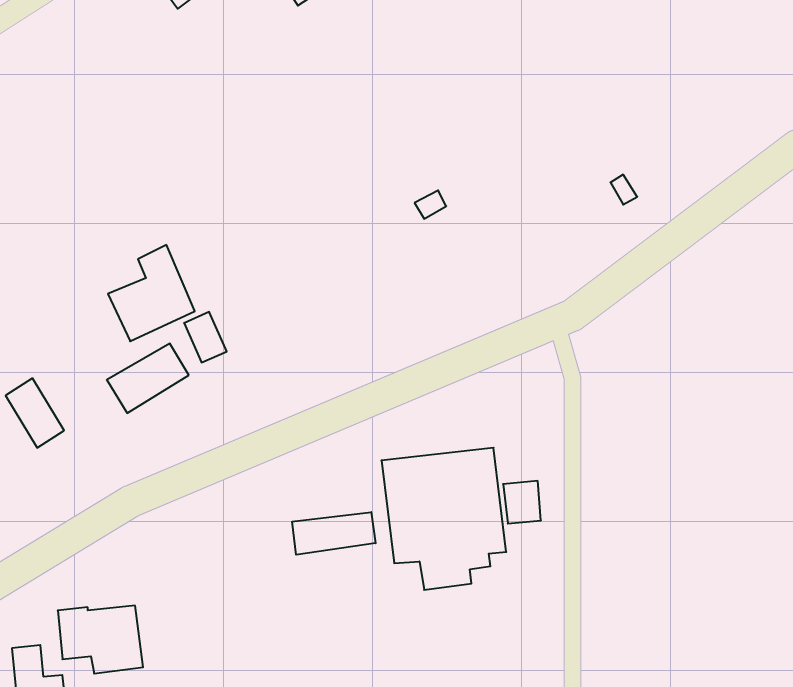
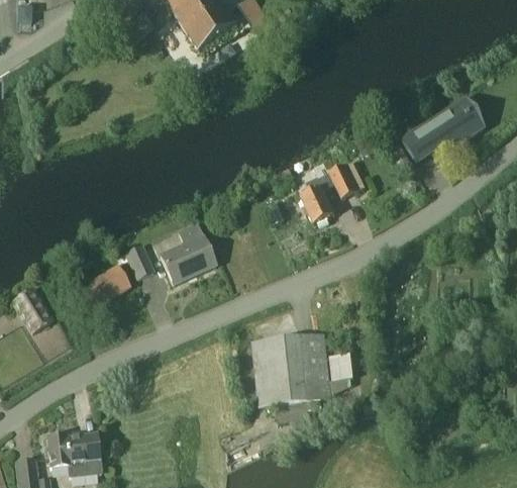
building: none -> [397,100,485,162]
building: none -> [301,164,358,223]
building: [108,245,195,341] -> [160,221,215,283]
building: [292,512,376,555] -> none

